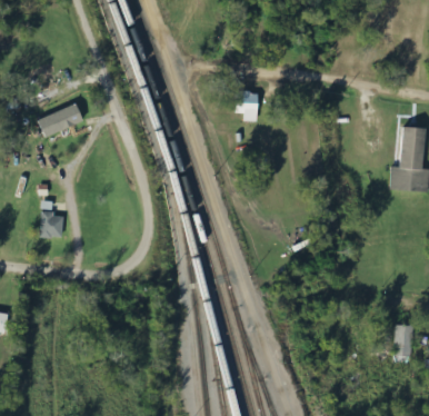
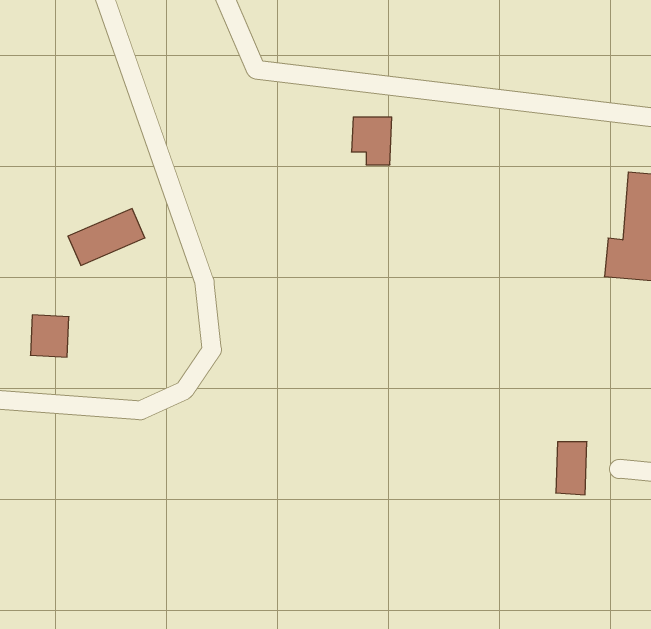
building: [37,102,83,137] -> [68,209,145,265]
building: [391,324,410,356] -> [556,442,587,495]

